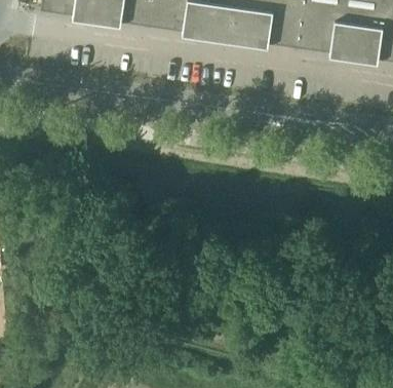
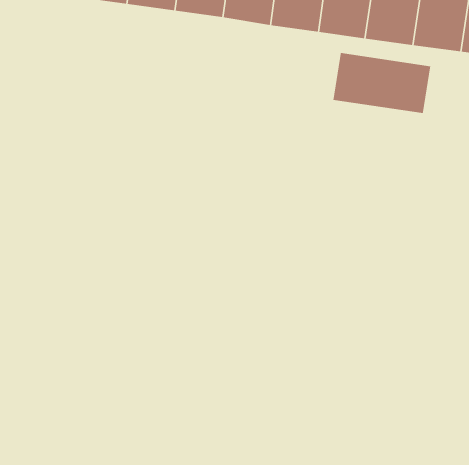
building: none -> [333,52,431,114]

